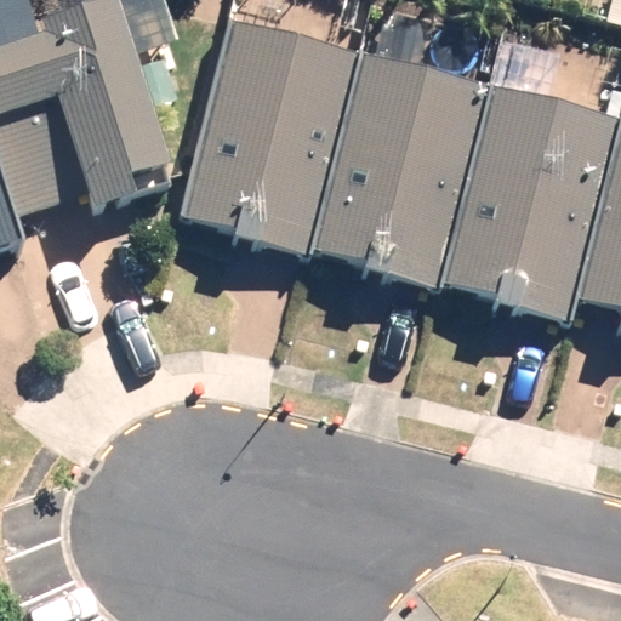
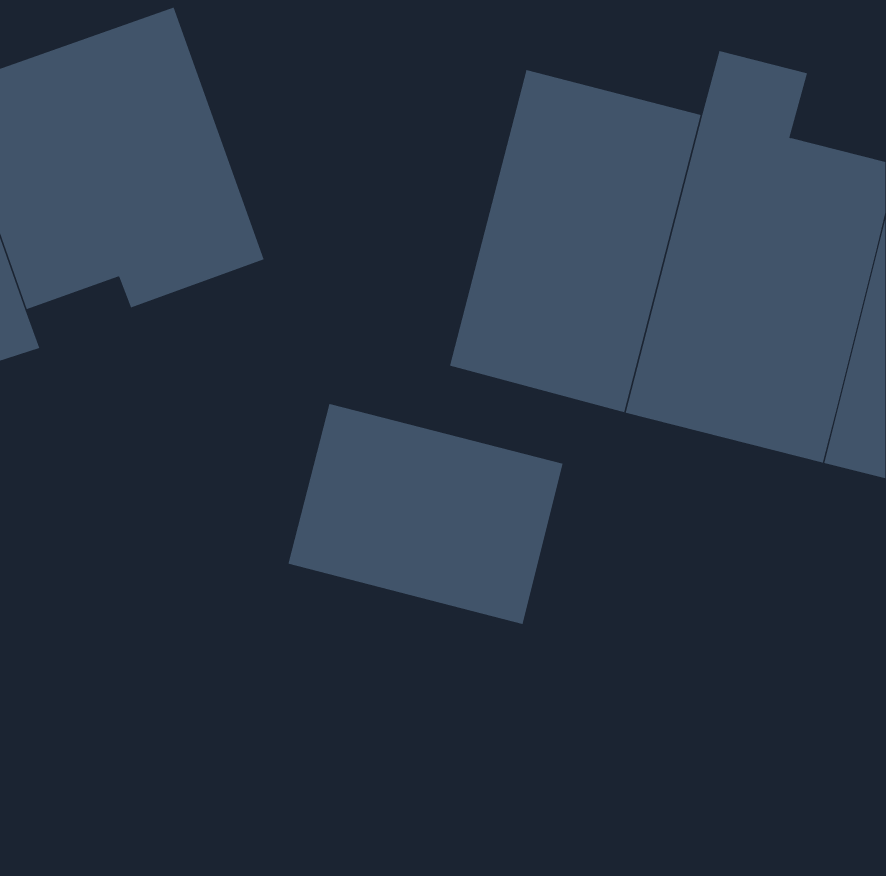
building: [177,13,366,255] -> none
building: none -> [288,403,563,625]

